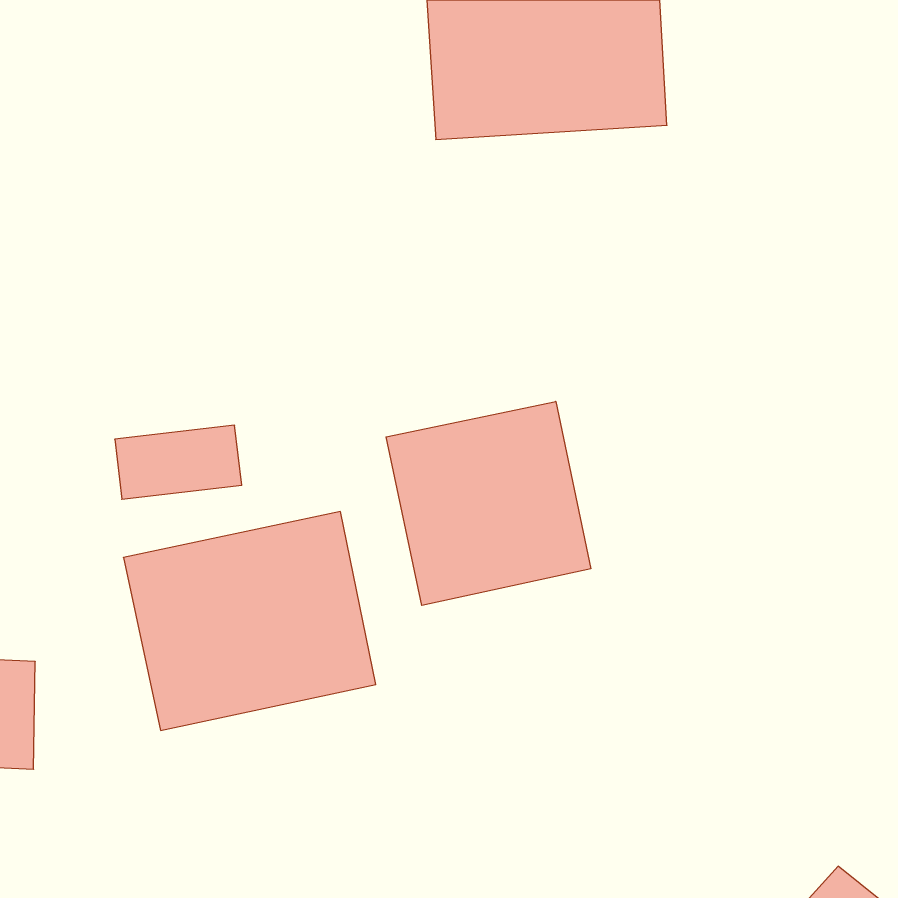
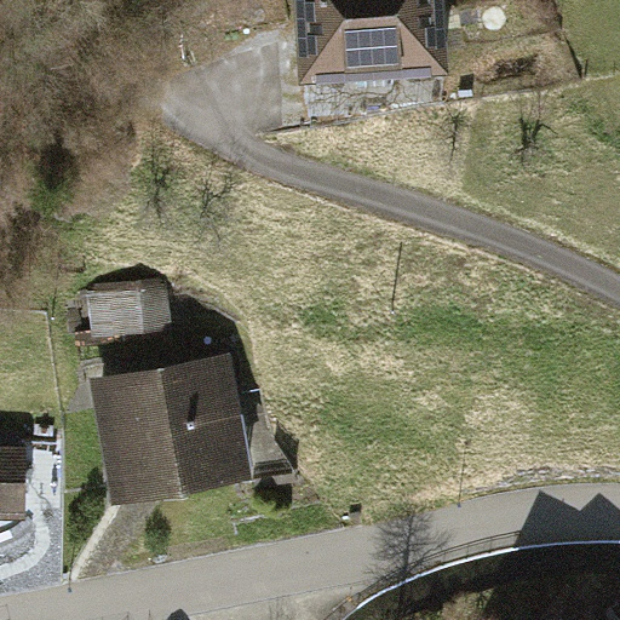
building: [386,401,591,605] -> none

